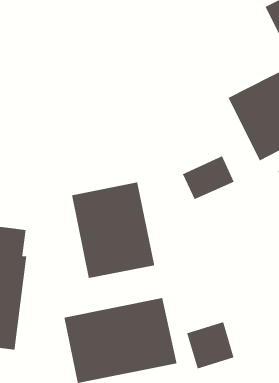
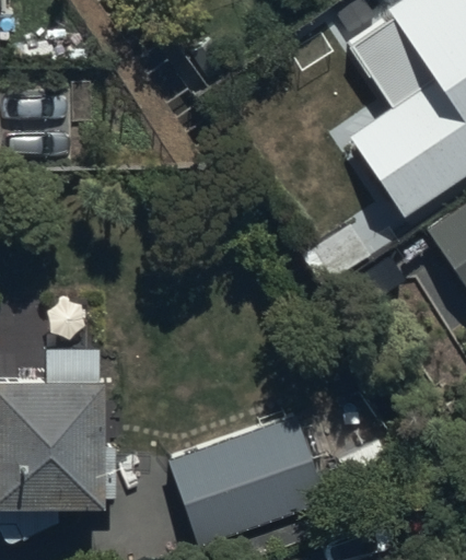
building: [71,181,155,279] -> none

